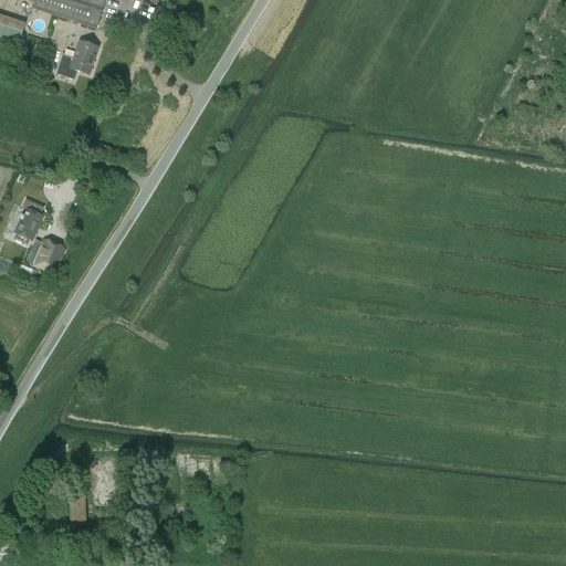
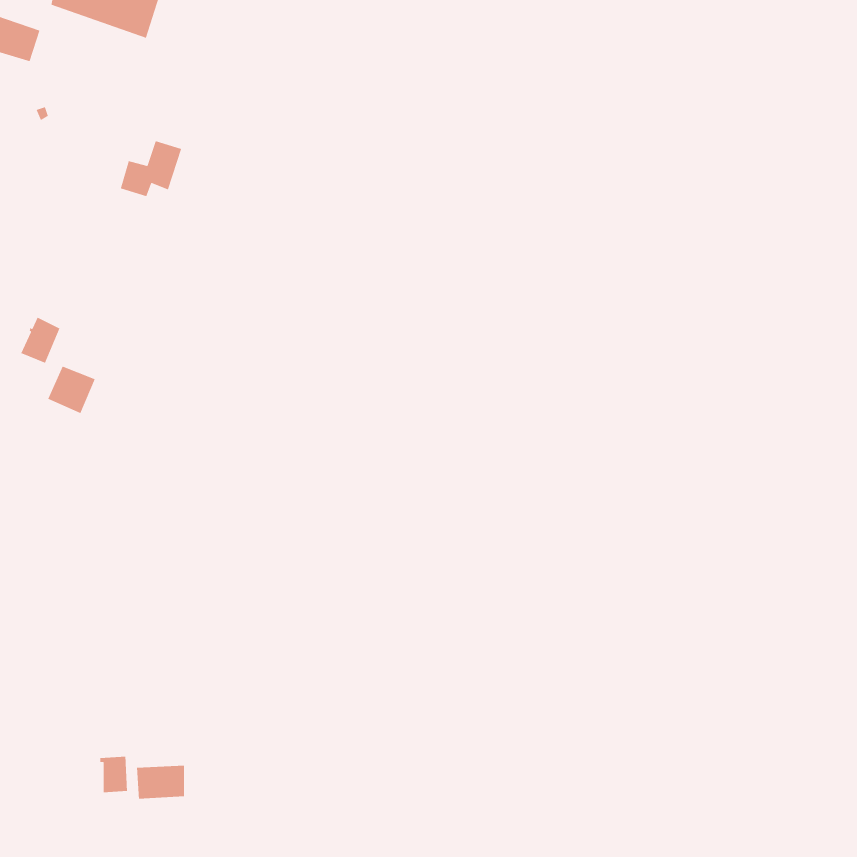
building: [57,38,98,75] -> [120,140,182,197]
building: none -> [136,765,185,800]

